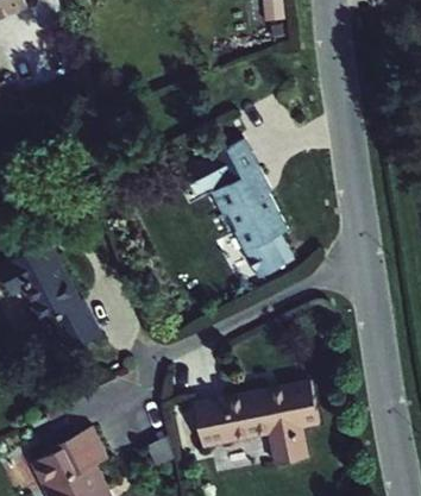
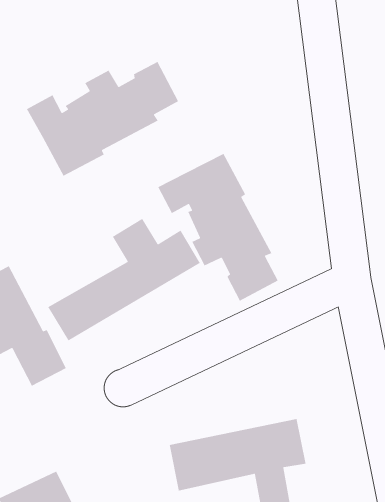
building: none -> [26,61,179,177]
building: none -> [47,218,201,341]

